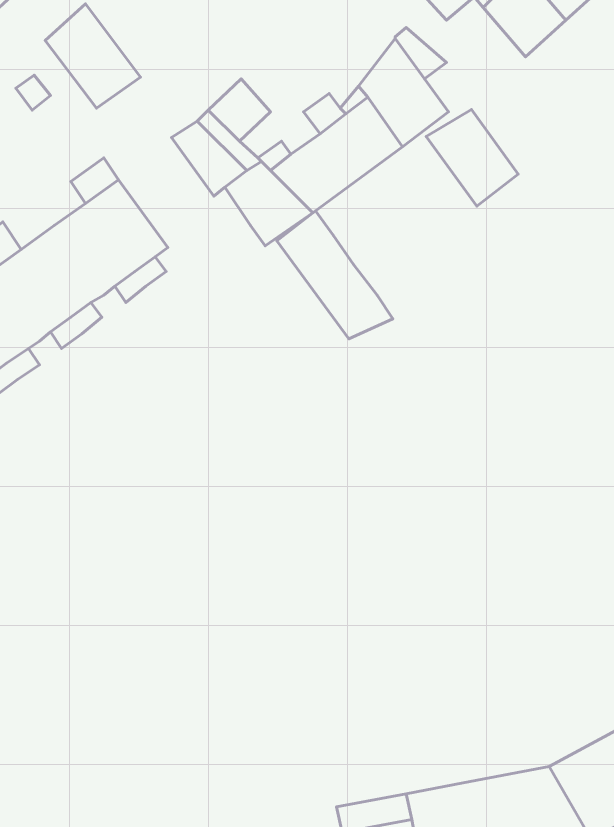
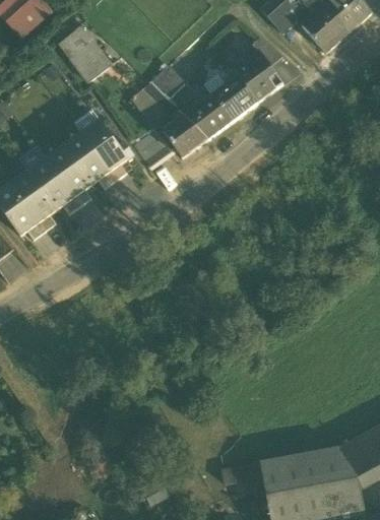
building: [426,110,518,206] -> none
building: none -> [133,125,174,165]
building: [277,211,393,339] -> none

